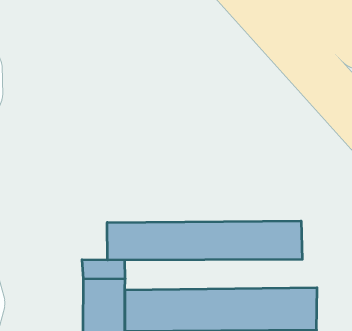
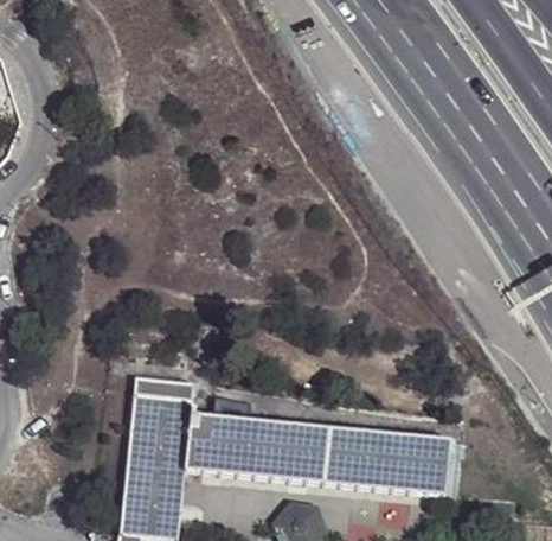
building: [107,221,302,260] -> none

